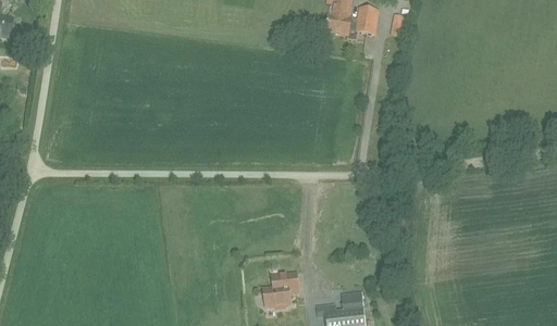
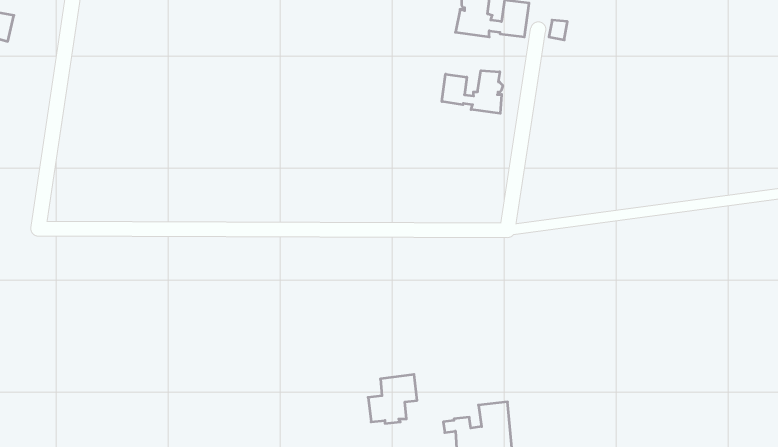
building: none -> [442,71,503,113]

